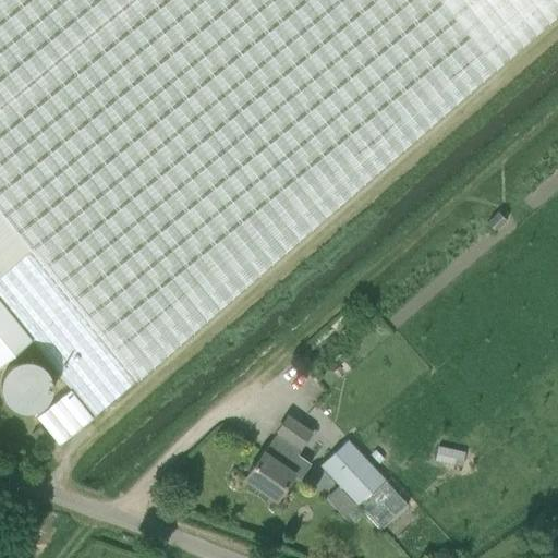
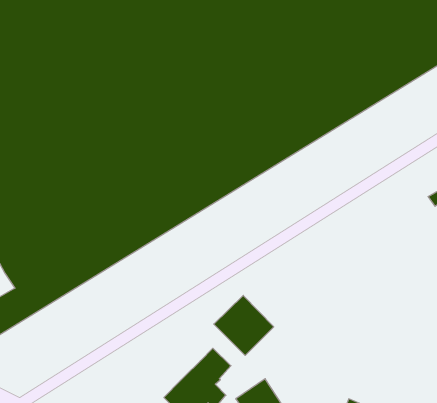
building: none -> [214,295,274,355]

